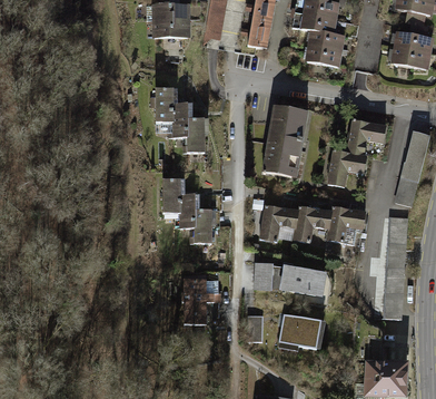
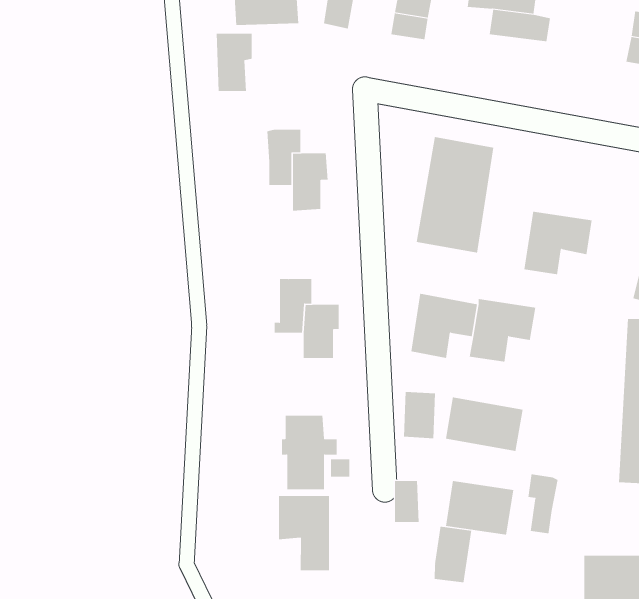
building: [304,45,341,65] -> none
building: [152,87,175,123] -> [216,33,252,92]
building: [346,119,389,158] -> none
building: [161,178,184,212] -> none
building: [329,207,370,246] -> none
building: none -> [528,474,558,534]
building: none -> [279,495,329,571]
building: none -> [434,526,472,583]

